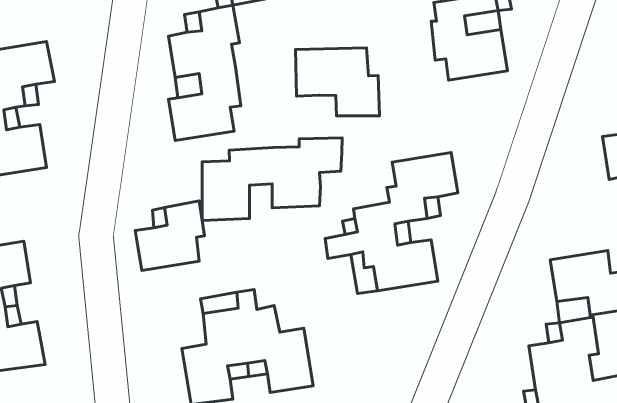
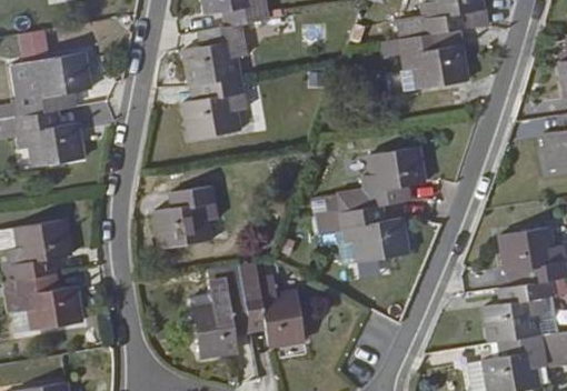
building: [296,48,380,116] -> none
building: [202,138,342,220] -> none

